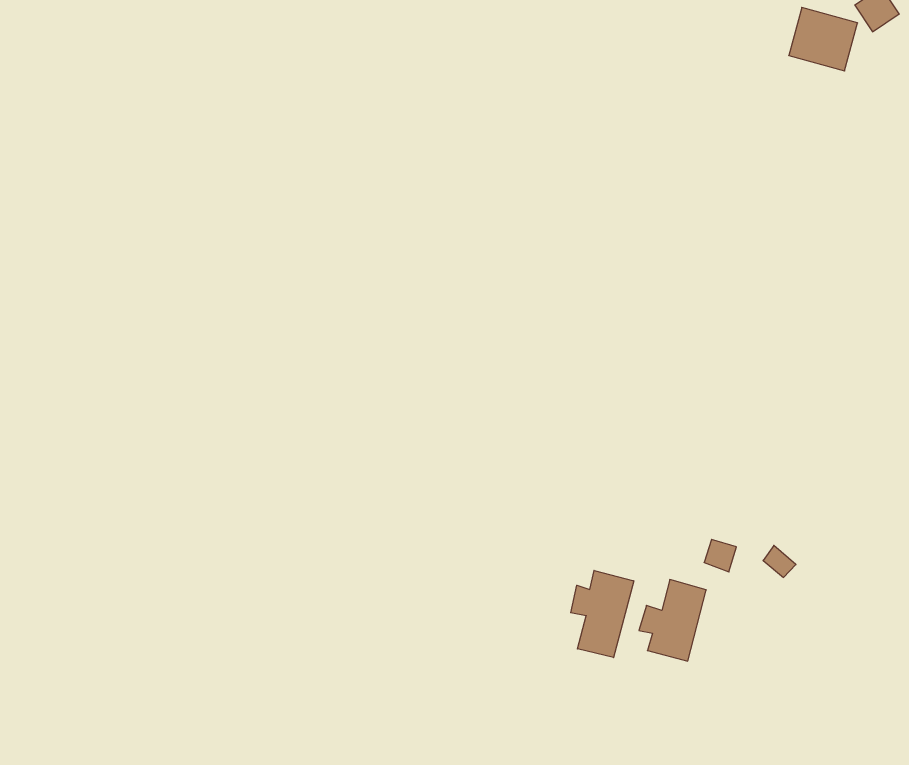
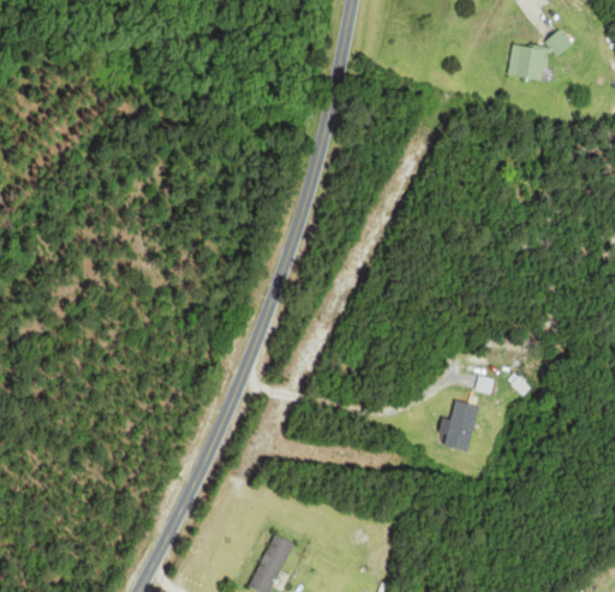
building: [571,570,634,658] -> none

